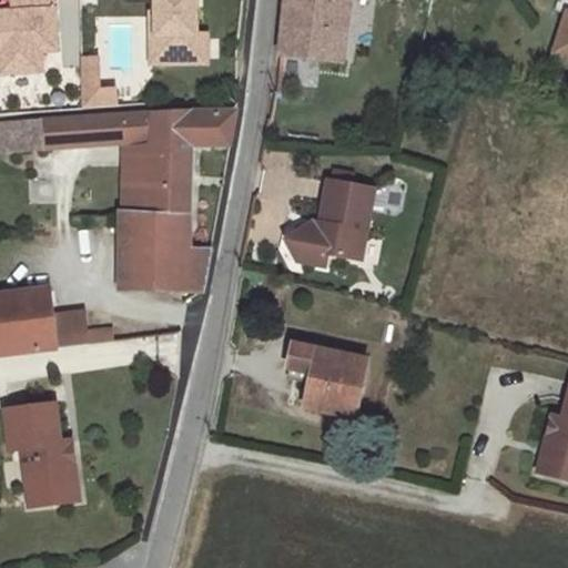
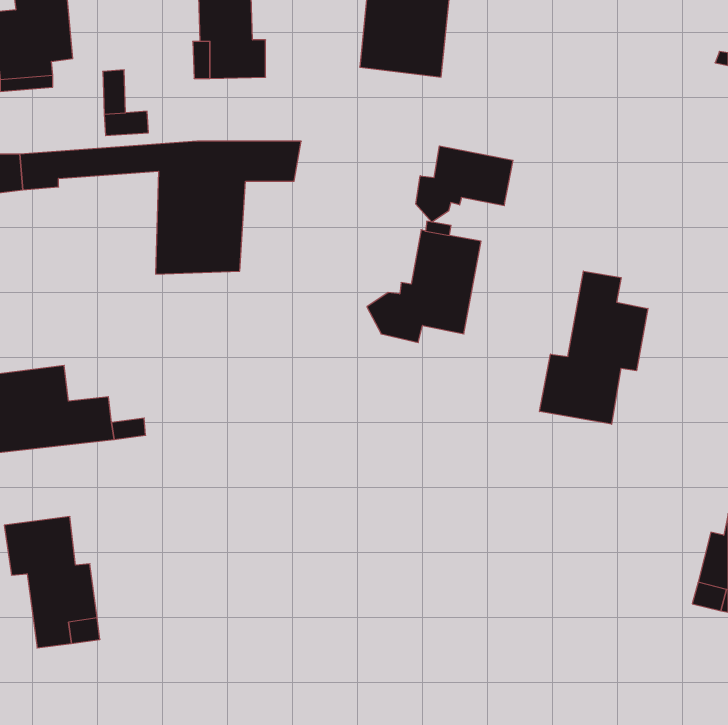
building: none -> [416,146,513,222]
building: none -> [540,271,648,424]
building: [119,211,212,290] -> none
building: [288,342,367,416] -> none

